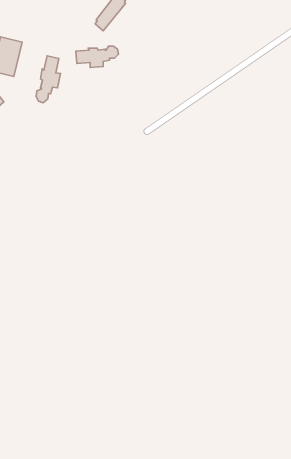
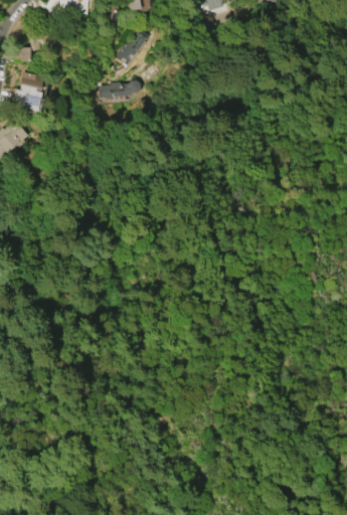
building: [36,56,61,103] -> none

